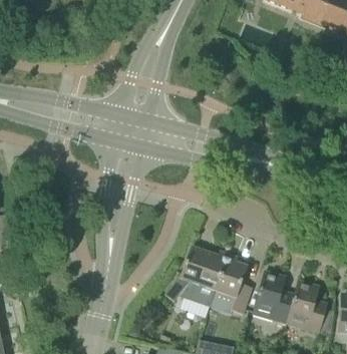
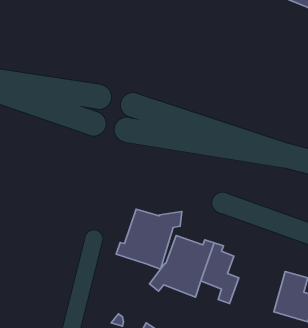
building: none -> [116,209,182,269]
building: [253,272,294,321] -> none

